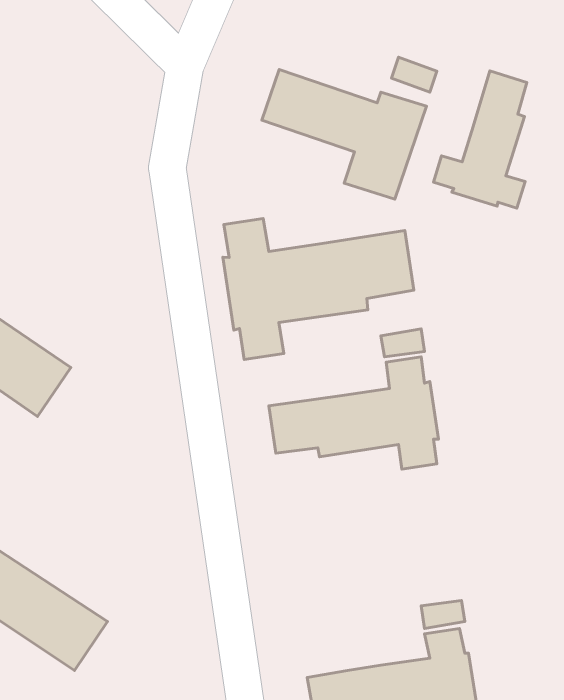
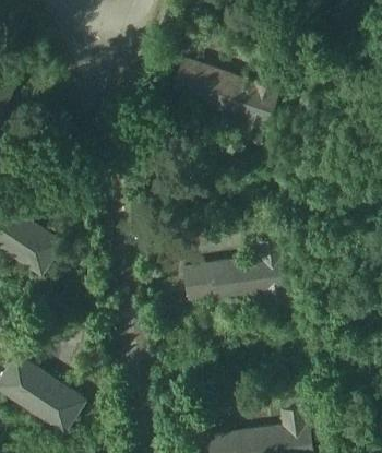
building: [433,71,527,208] -> none
building: [223,219,414,359] -> none

